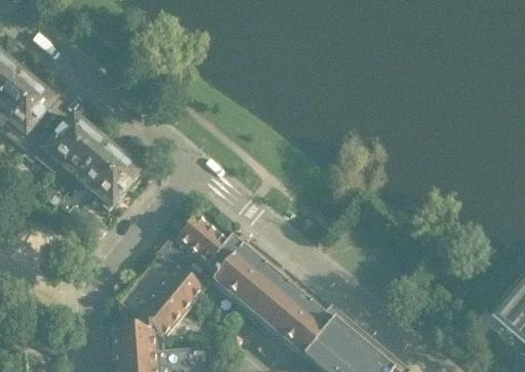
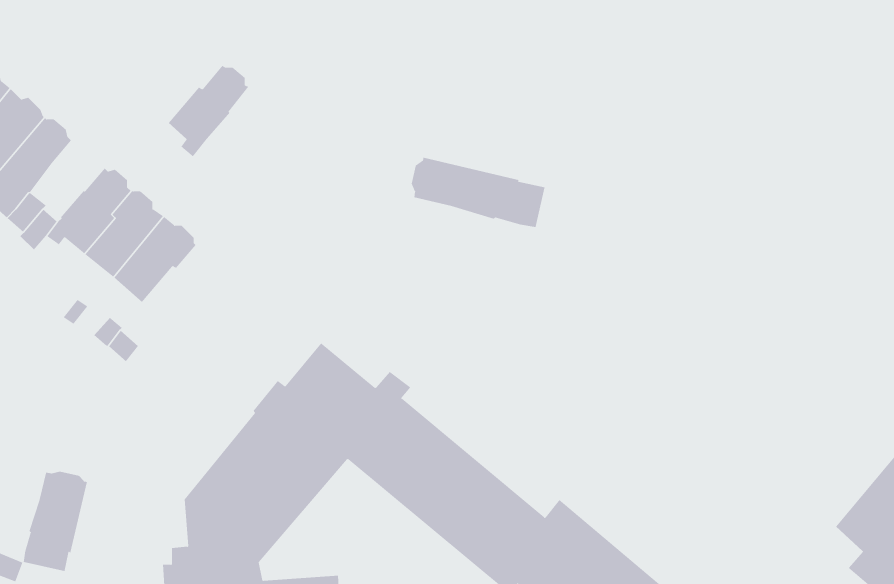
building: none -> [411,157,545,228]
building: [94,158,140,210] -> [168,65,249,157]
building: none -> [23,471,87,572]

